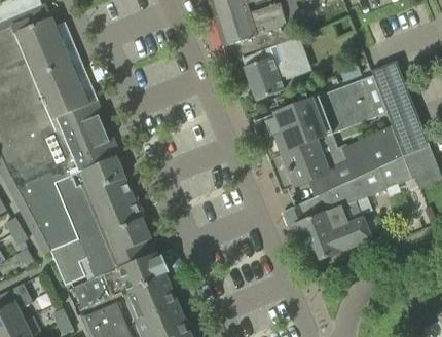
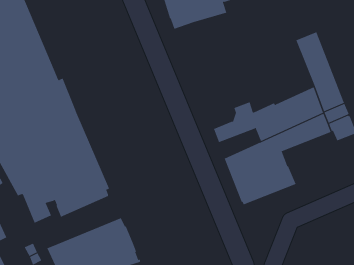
building: [243,37,302,100] -> none
building: [254,79,377,174] -> none
building: [73,250,169,308] -> none

